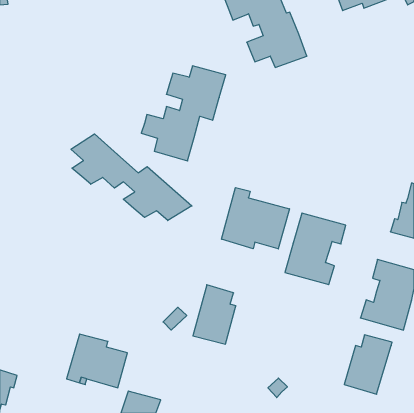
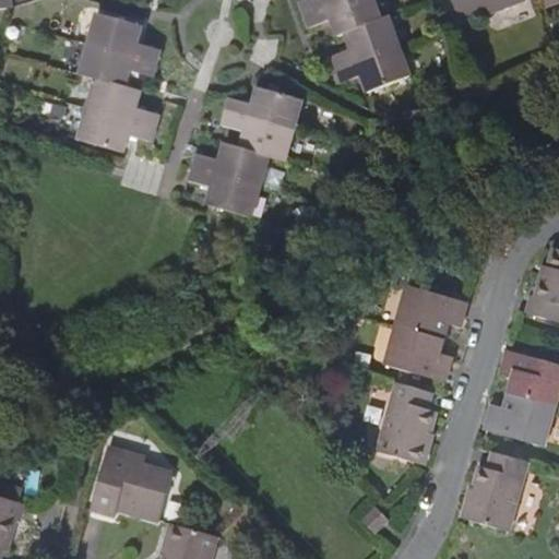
building: none -> [79,12,160,152]
building: [71,134,192,221] -> none
building: [222,188,289,249] -> none
building: [193,285,236,344] -> [376,383,433,463]

